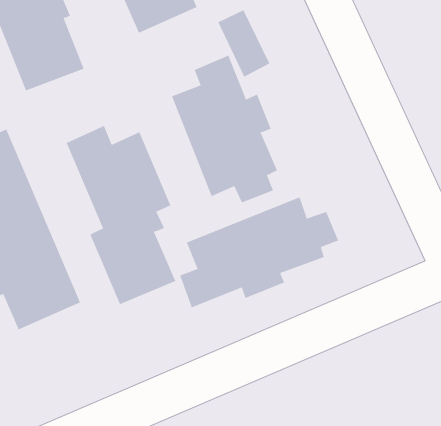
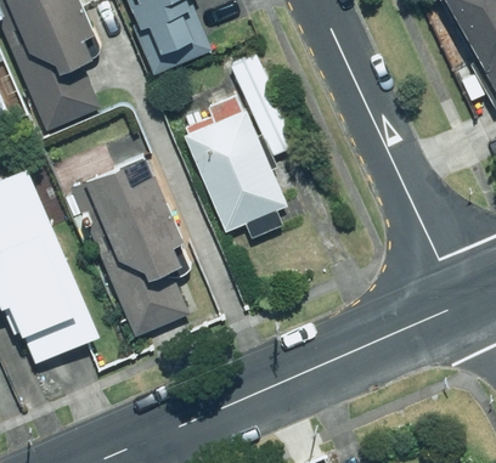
building: [180,197,339,308] -> none

